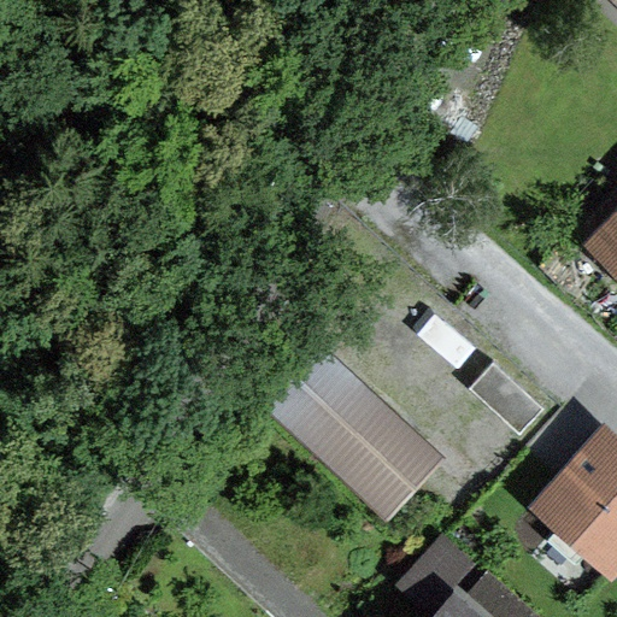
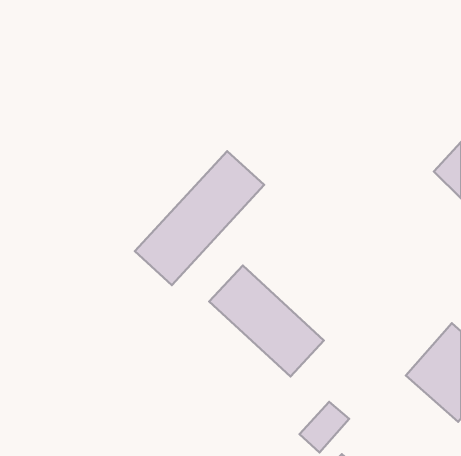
building: none -> [135,151,264,285]

